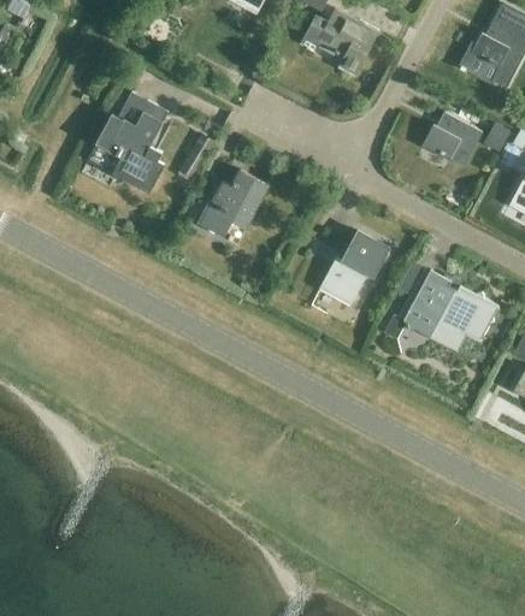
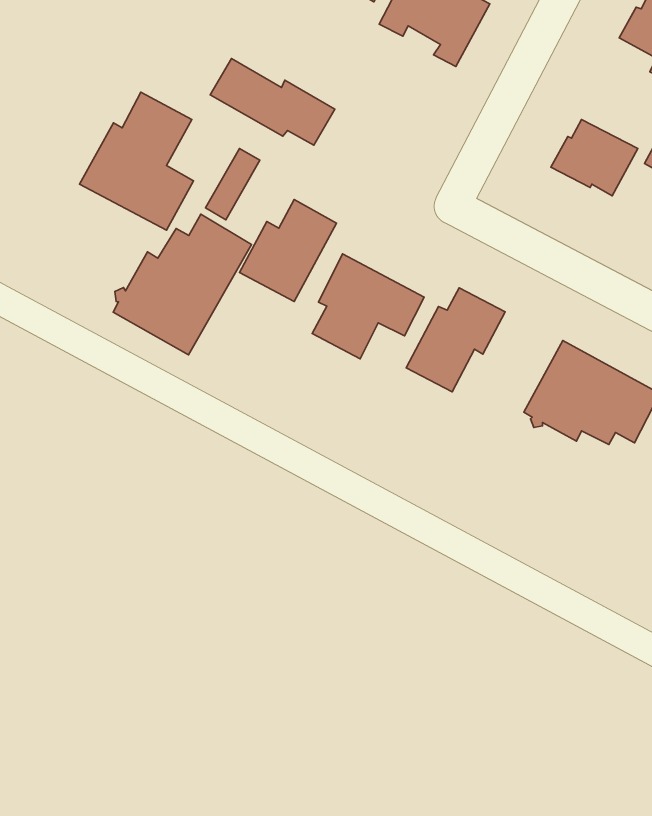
building: none -> [210,59,335,145]
building: none -> [113,214,251,355]
building: none -> [312,254,424,359]

